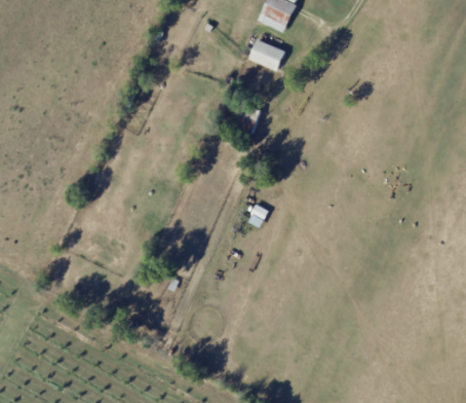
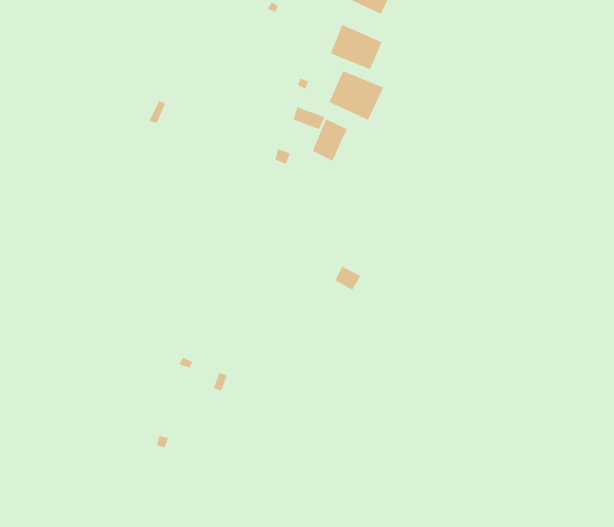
building: none -> [328,70,384,121]

